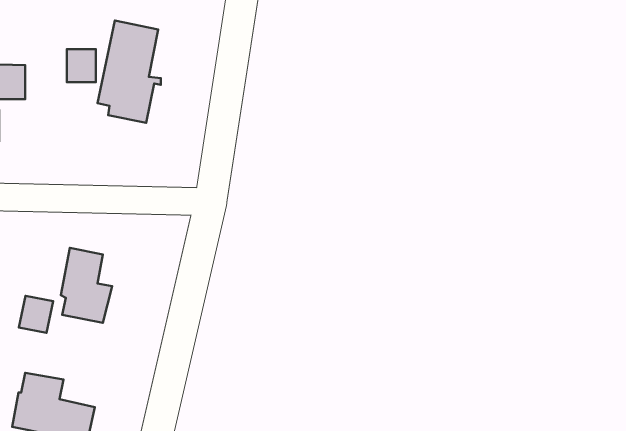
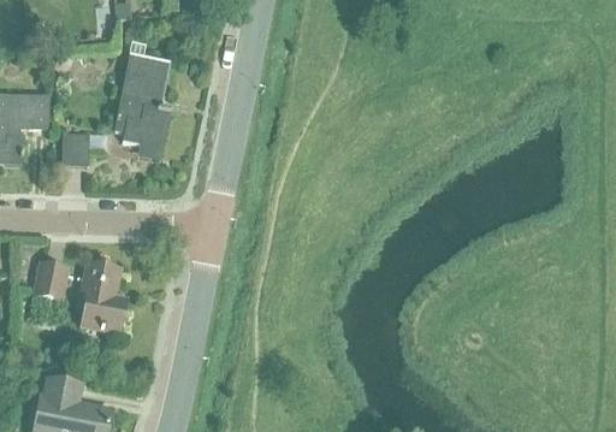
building: [67,49,96,82] -> [61,135,88,165]
building: [19,296,53,333] -> [35,262,66,296]

